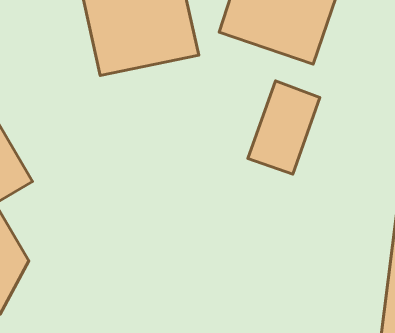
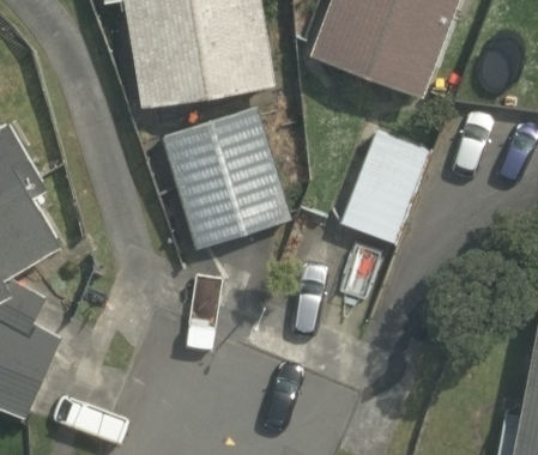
building: none -> [158,101,294,245]

